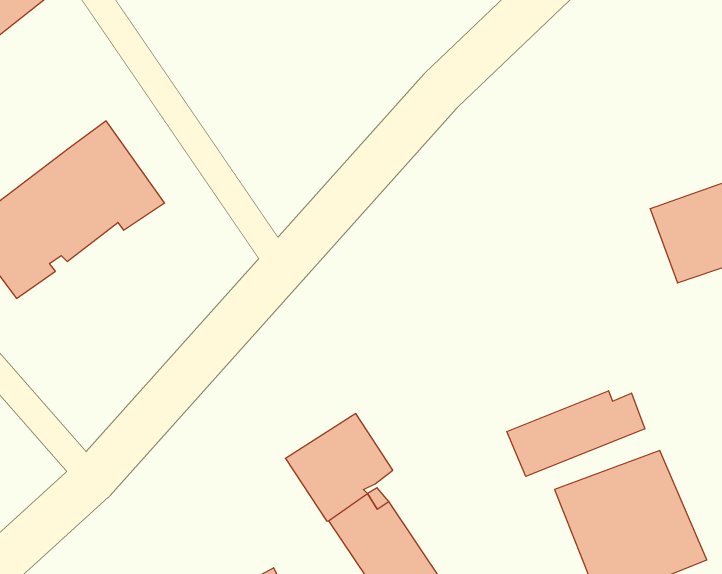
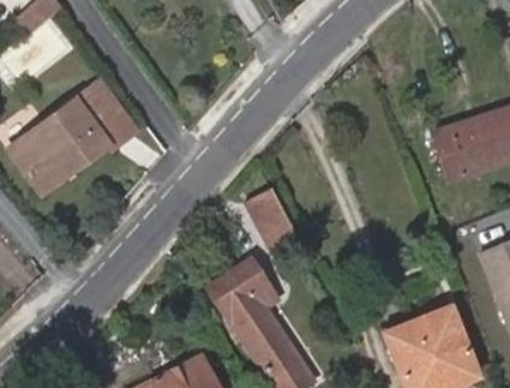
building: none -> [244,187,289,234]
building: [507,391,645,476] -> none

